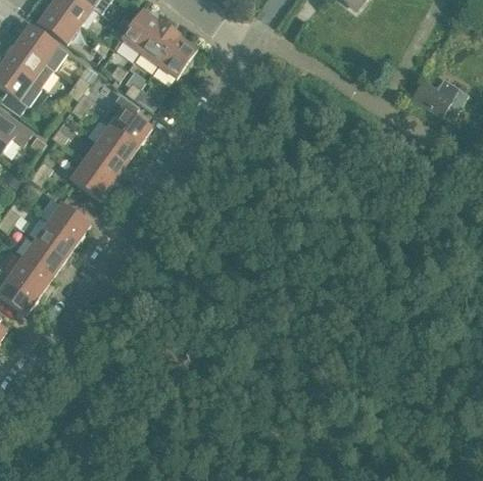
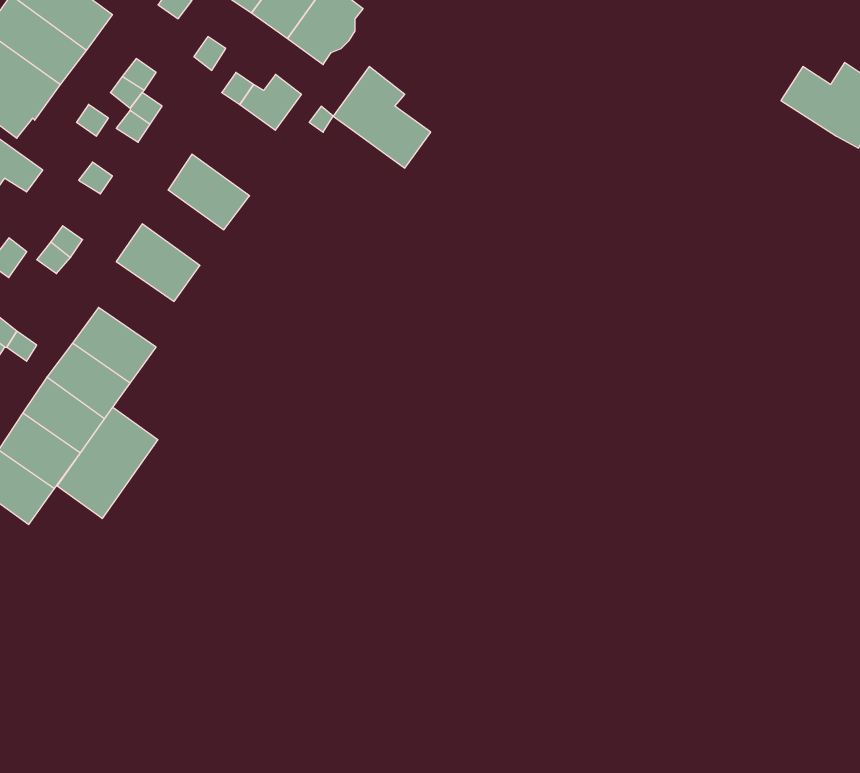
building: [101,93,151,145] -> [333,67,431,168]
building: [83,142,125,181] -> none
building: none -> [57,407,158,519]

